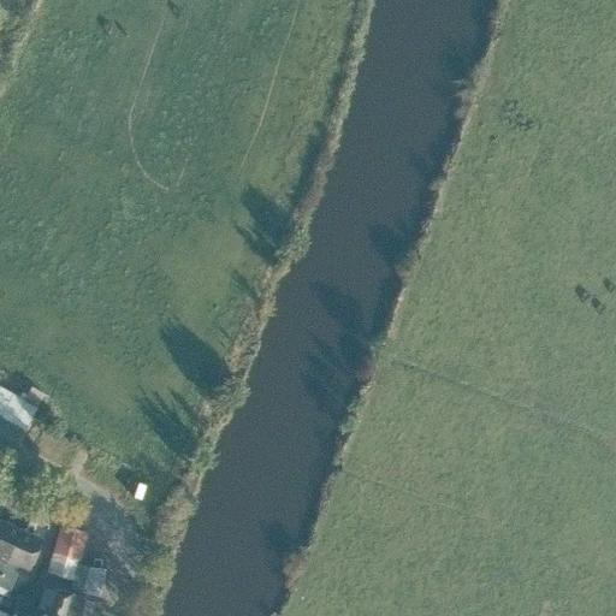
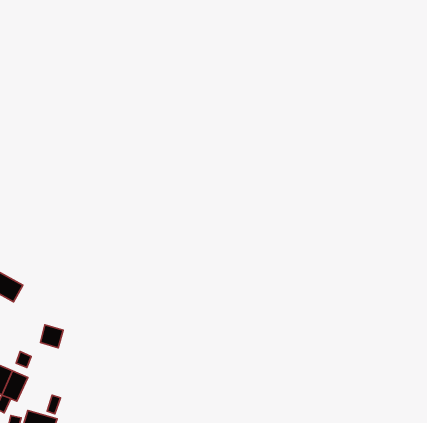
building: [51,537,83,569] -> [40,325,63,348]

